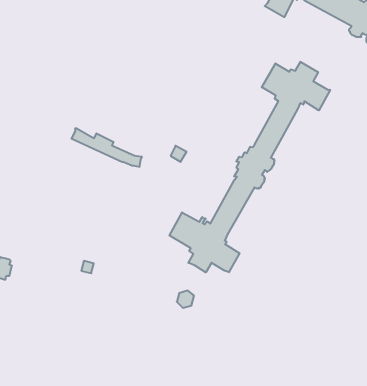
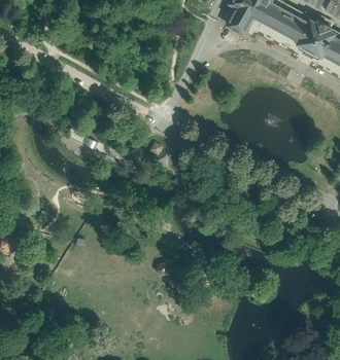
building: [169,62,330,272] -> none

